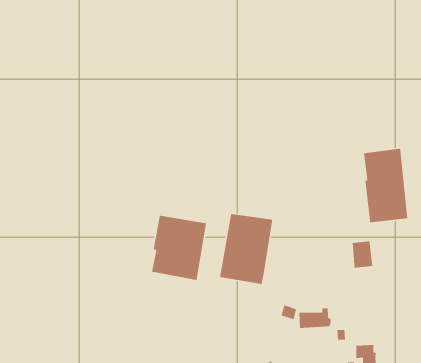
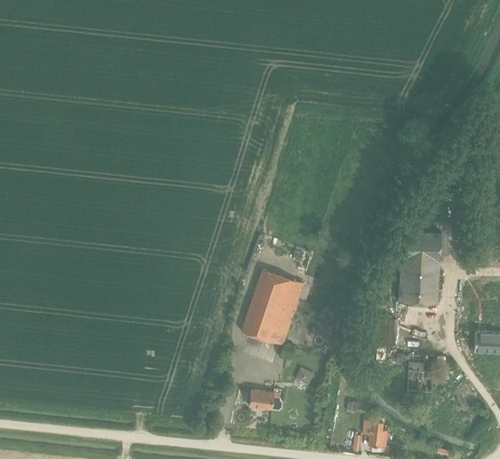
building: [151,215,207,281] -> none
building: [298,307,331,329] -> [248,390,282,410]

